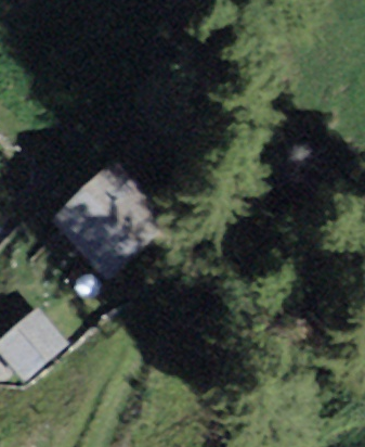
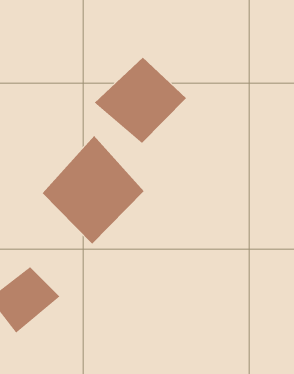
building: none -> [94,57,187,144]

